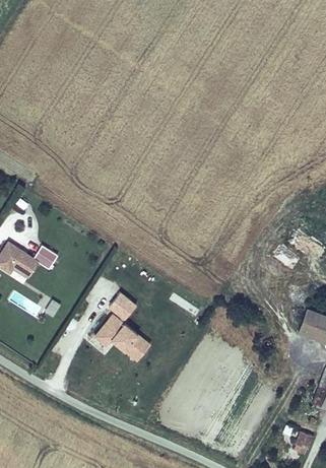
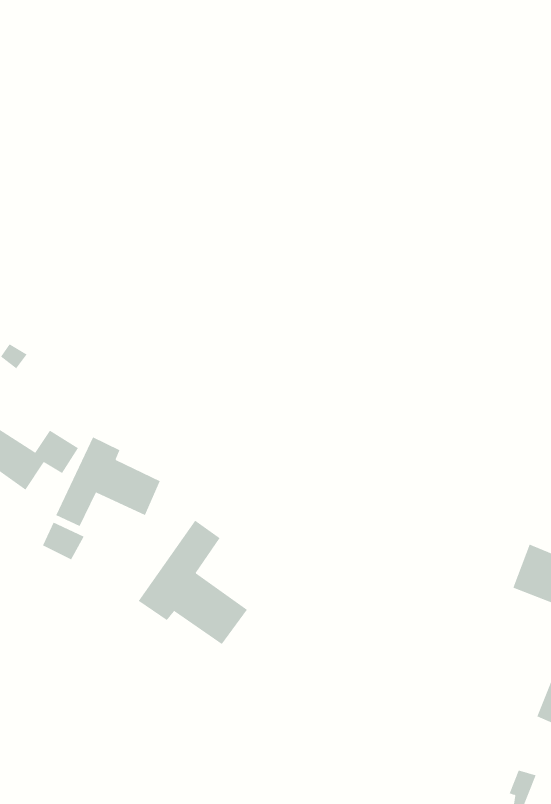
building: none -> [56,437,161,527]

